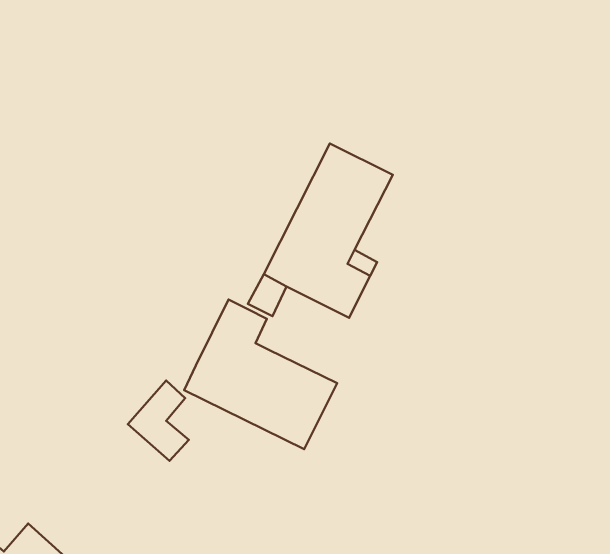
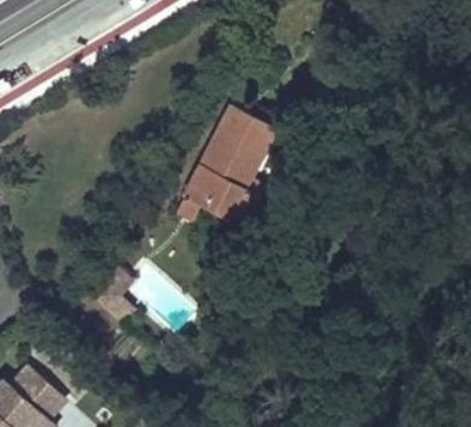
building: [184,300,337,449] -> none

